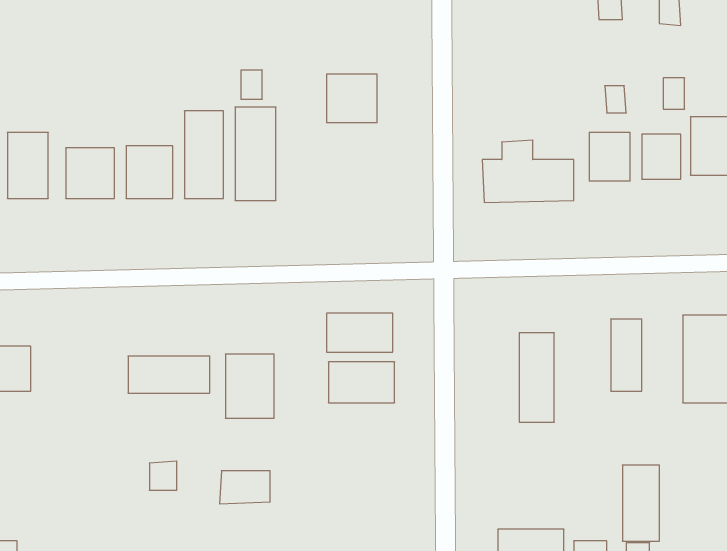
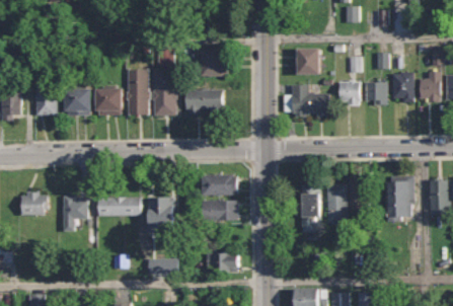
building: none -> [294,48,319,73]
building: none -> [185,89,223,111]
building: none -> [63,196,87,230]
building: none -> [207,252,238,272]
building: [622,465,659,541] -> [327,183,347,223]

